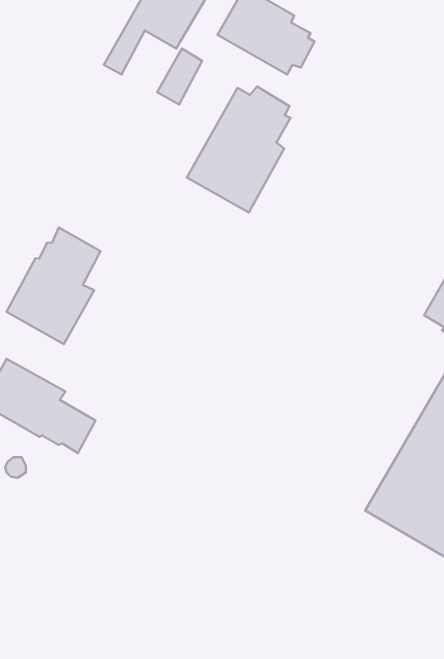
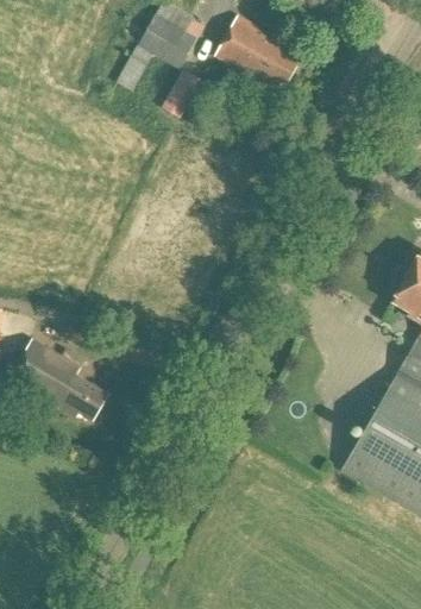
building: [187,86,291,212] -> none
building: [6,228,100,344] -> none

